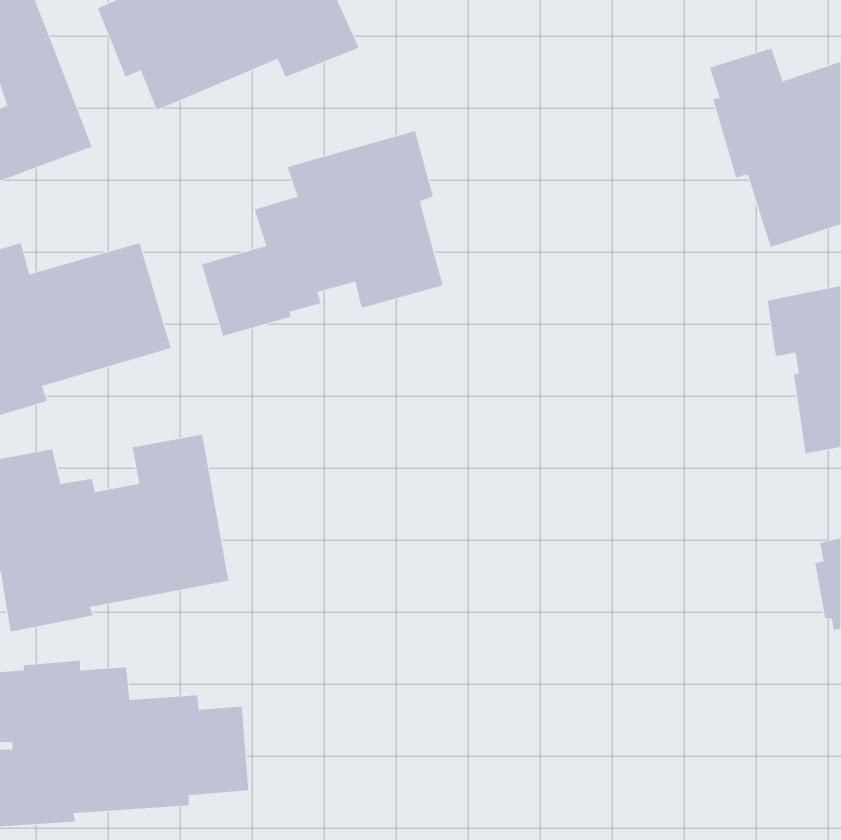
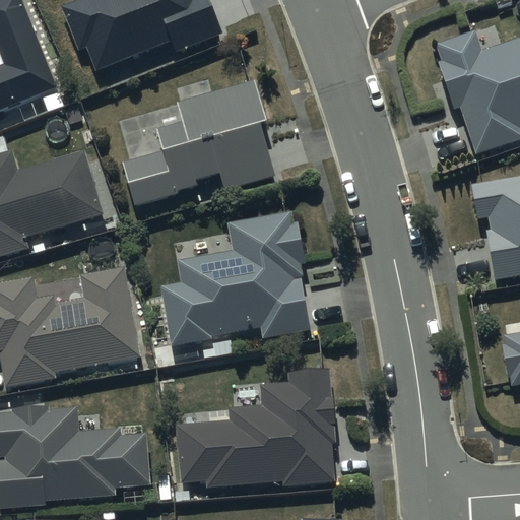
building: none -> [162,213,311,345]
building: none -> [177,370,336,490]

